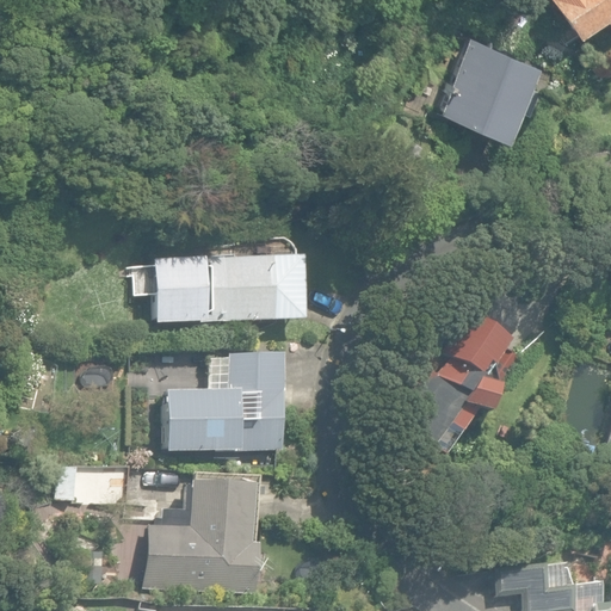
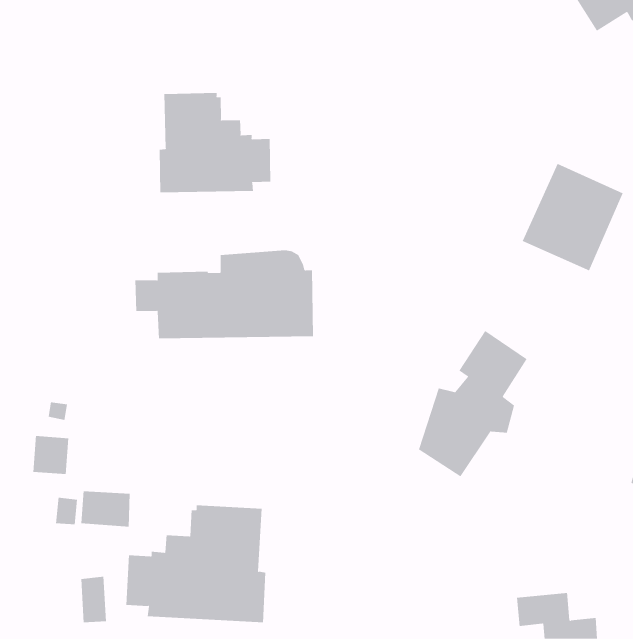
building: [439,32,536,135] -> [522,163,624,271]
building: none -> [159,92,271,193]
building: [166,354,284,450] -> none

